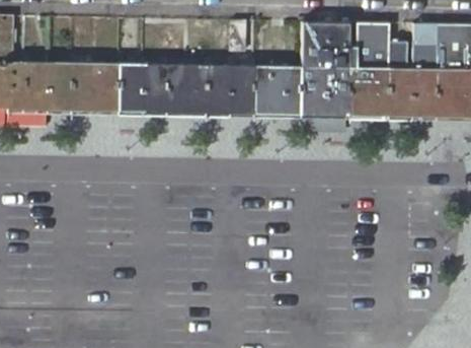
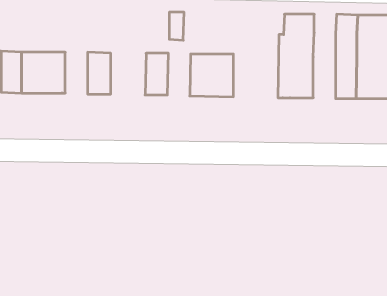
building: [302,21,351,115] -> none
building: [389,44,413,116] -> none
building: [119,65,143,111] -> none
building: [168,66,207,112] -> none
building: [230,66,255,113] -> none

